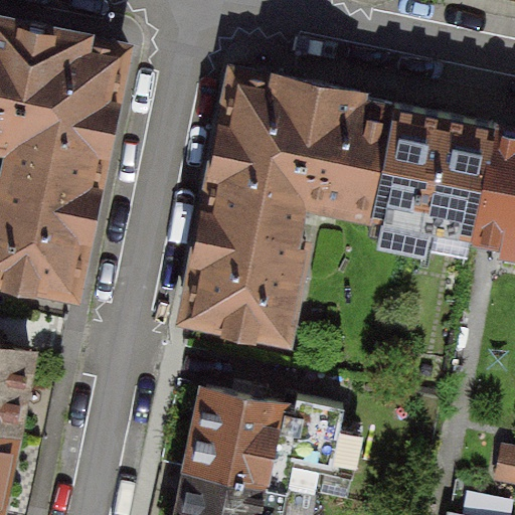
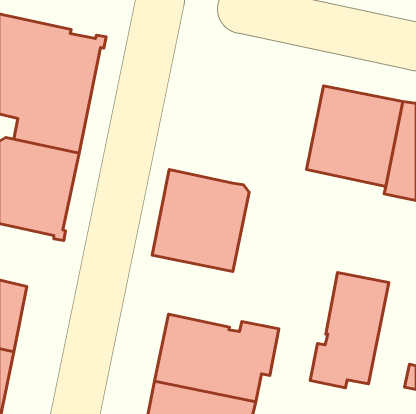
building: [208,76,398,230] -> none
building: none -> [310,272,389,388]

